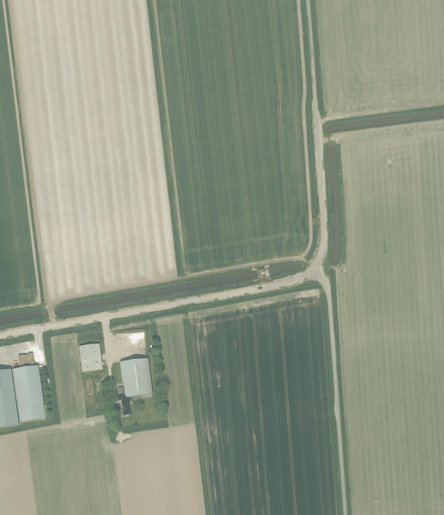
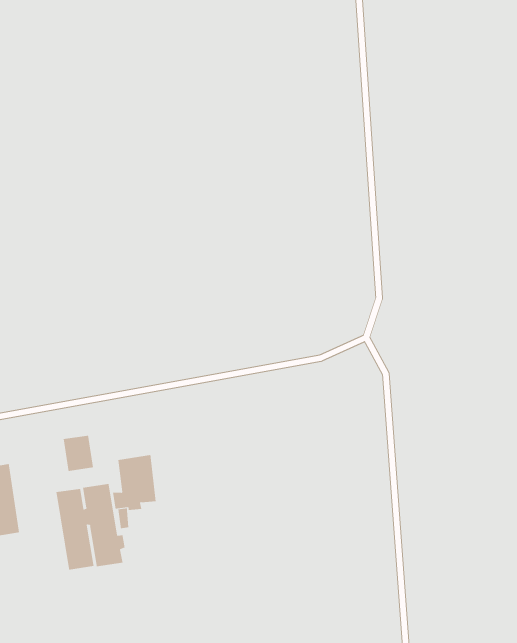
building: none -> [56,483,125,570]

